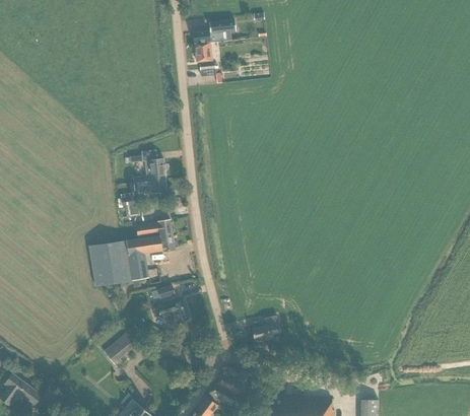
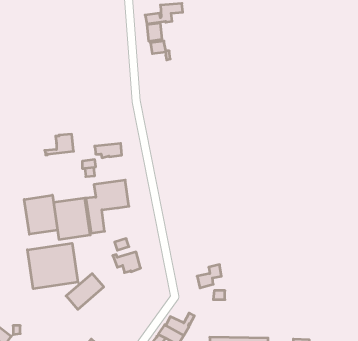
building: [133,159,165,183] -> [45,134,74,155]
building: none -> [24,195,57,234]
building: none -> [27,243,78,289]

